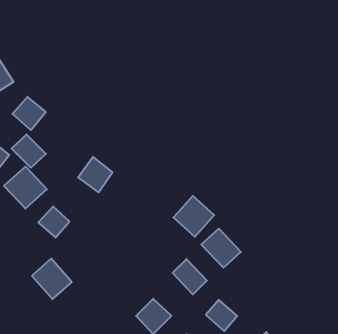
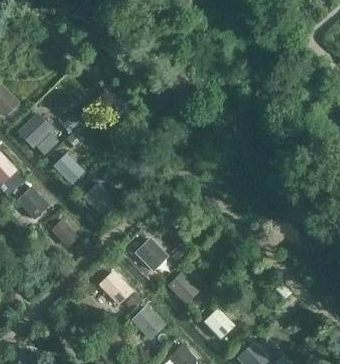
building: [12,134,46,168] -> [55,153,87,184]
building: [173,196,214,237] -> [132,235,170,273]
building: [201,229,241,268] -> none
building: [32,259,72,299] -> [95,274,132,312]

